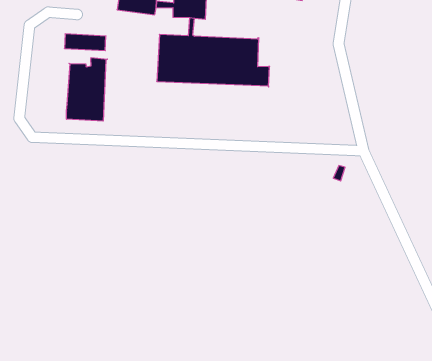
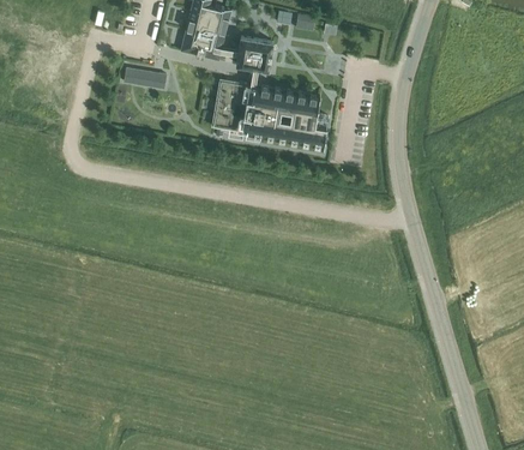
building: [67,58,107,121] -> none

